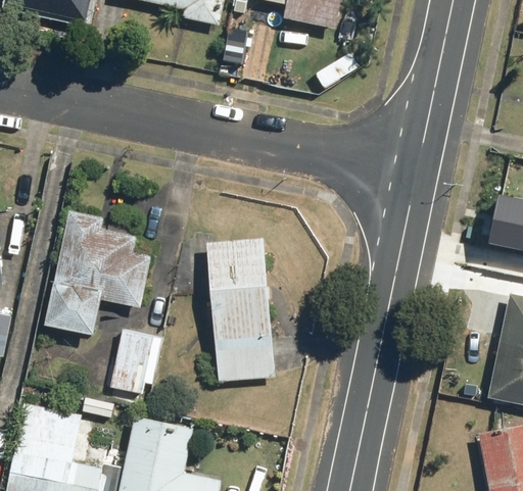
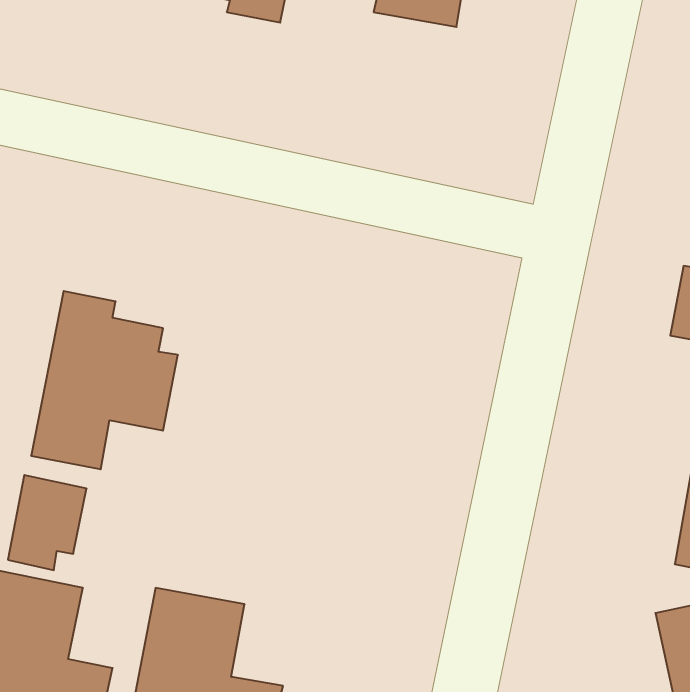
building: [208,238,275,383] -> none
building: [109,329,163,394] -> [8,475,87,570]

